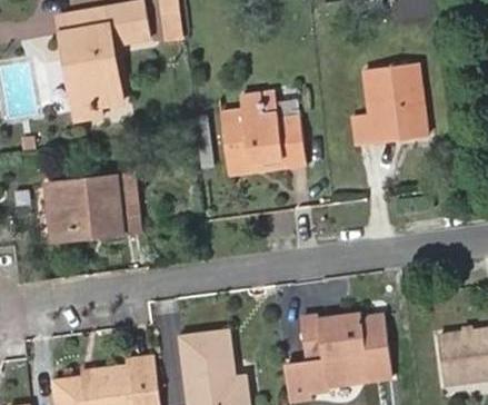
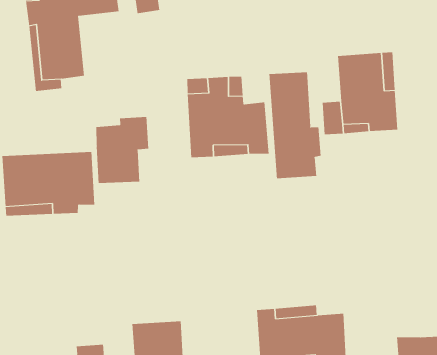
building: none -> [269,71,321,179]
building: none -> [96,116,149,184]

